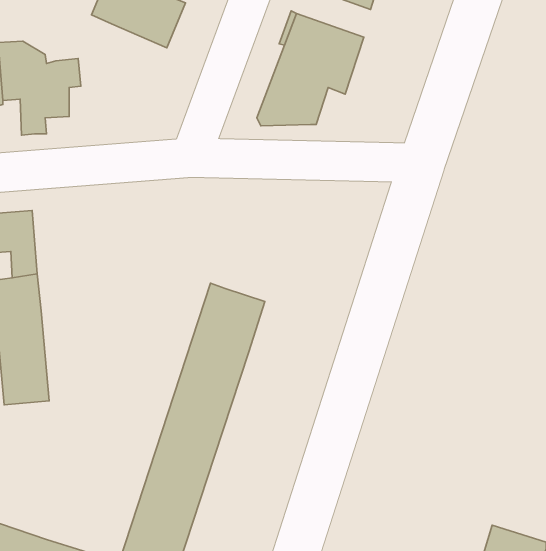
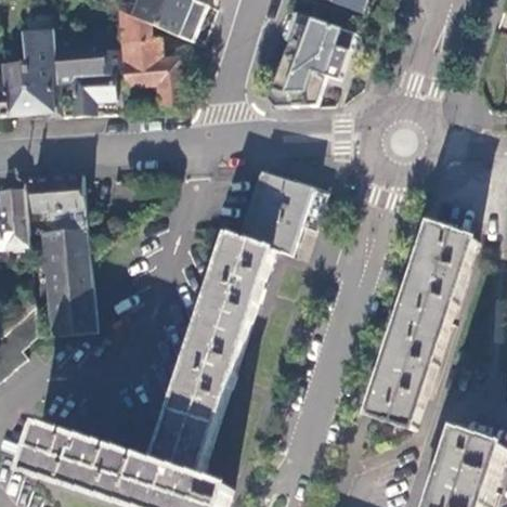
building: none -> [115,8,180,102]
building: none -> [238,170,324,256]
building: none -> [366,223,473,427]

